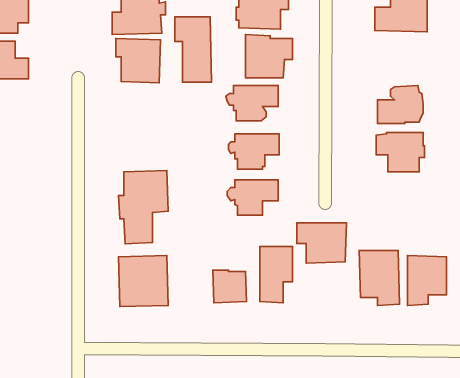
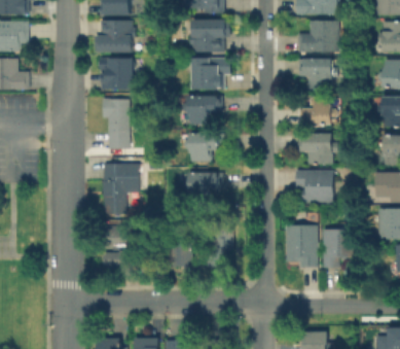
building: [175,17,211,82] -> [99,101,128,152]
building: none -> [298,58,341,90]
building: [297,223,347,263] -> [297,170,336,202]

